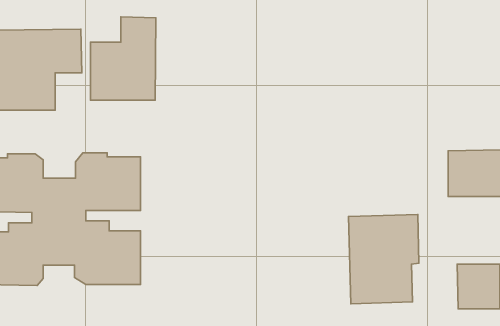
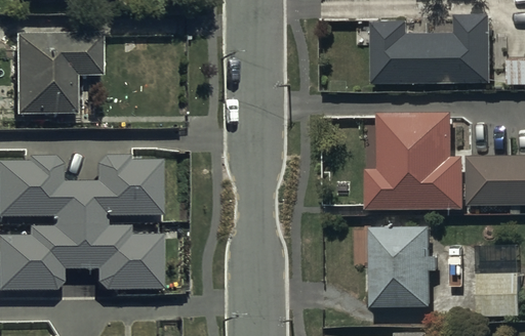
building: none -> [374,14,493,83]
building: [90,17,156,100] -> none
building: none -> [367,112,466,210]

